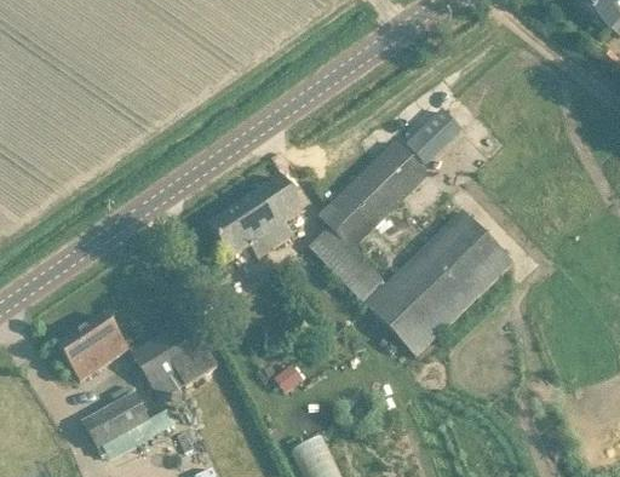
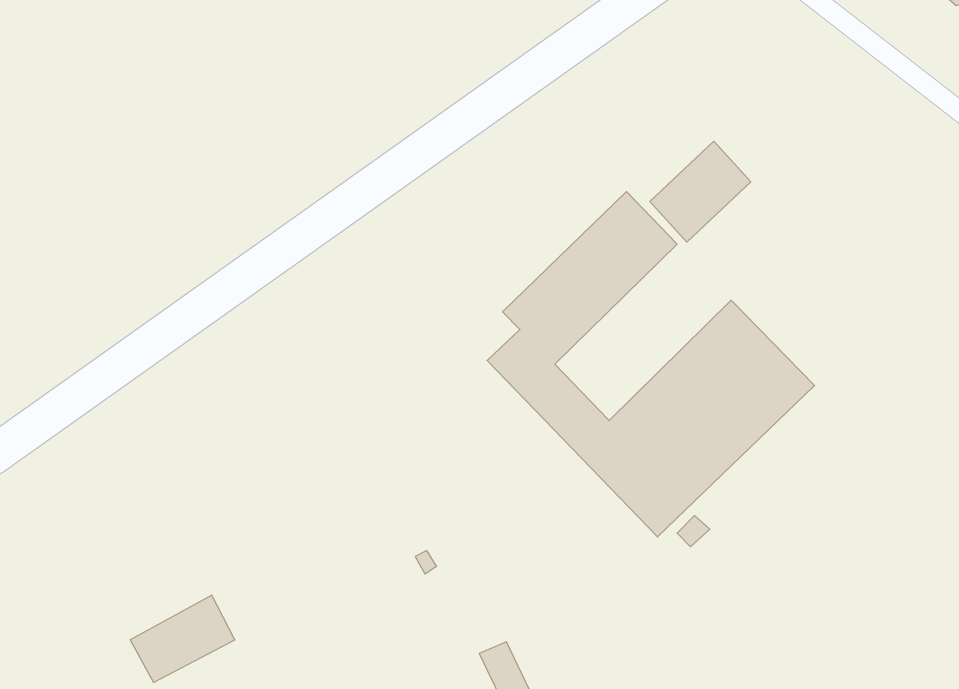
building: [207,176,303,259] -> none
building: [57,314,127,378] -> none
building: [131,317,216,398] -> none

